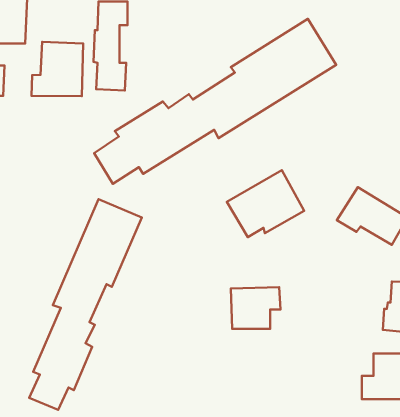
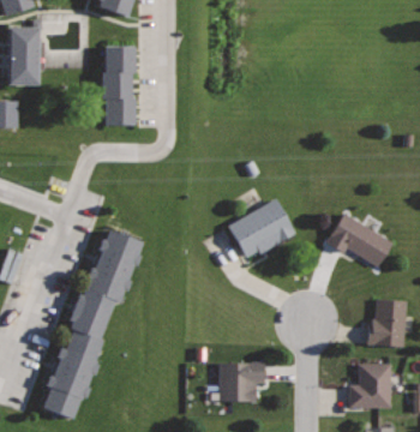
building: [94,19,336,184] -> none
building: [32,42,83,96] -> none
building: [231,287,281,329] -> [220,364,265,402]

